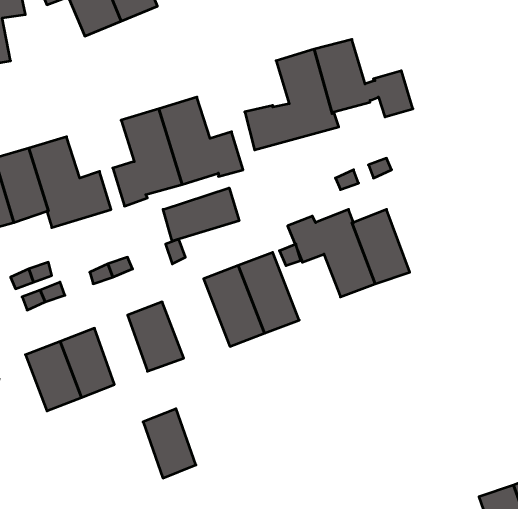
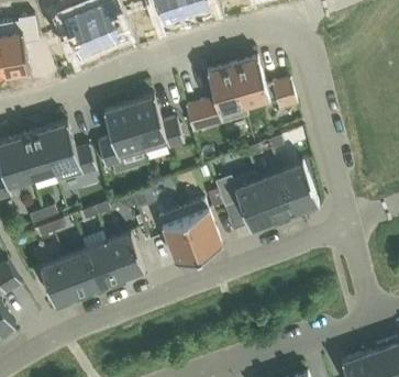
building: [163,188,239,241] -> none
building: none -> [279,163,318,213]
building: [143,409,196,478] -> [85,242,120,288]

